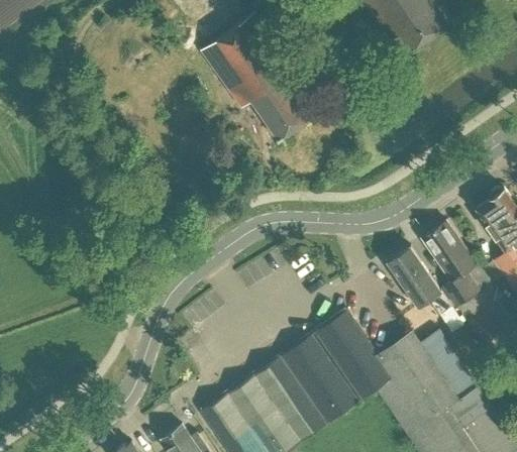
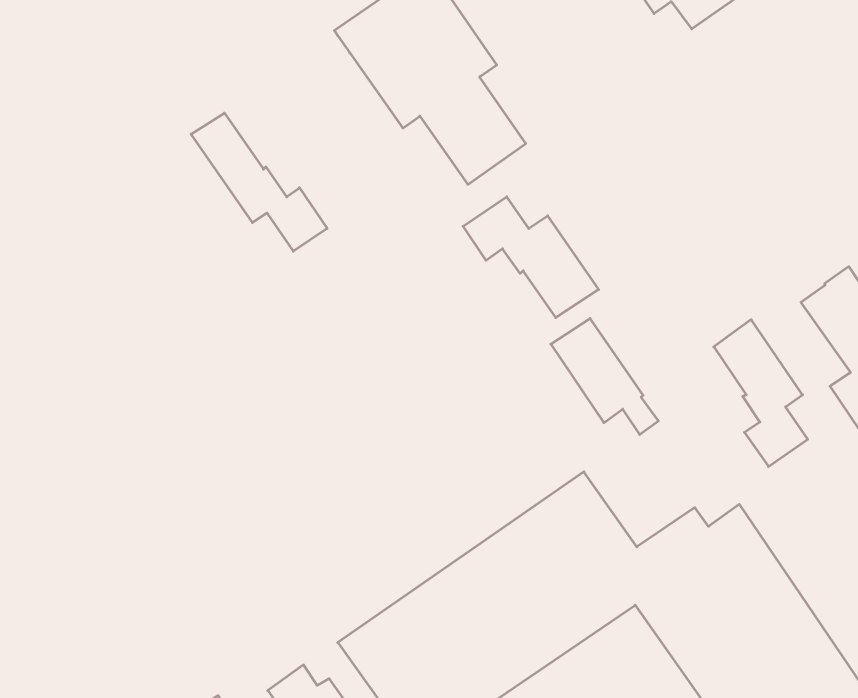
building: none -> [191,113,327,251]
building: none -> [463,197,599,318]
building: [388,247,451,316] -> [551,318,658,435]

